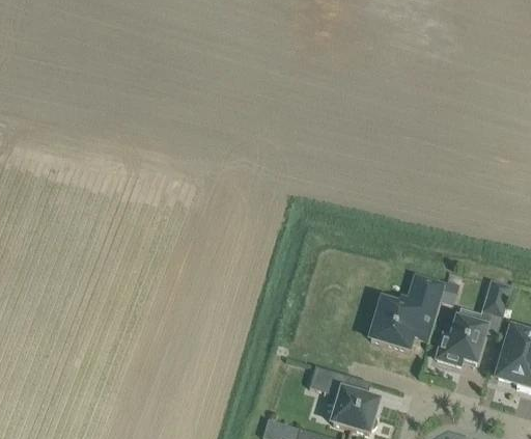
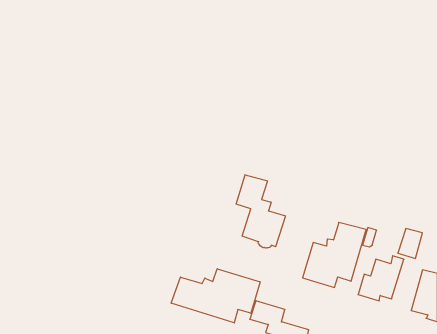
building: none -> [236,175,285,248]
building: none -> [171,269,260,323]

